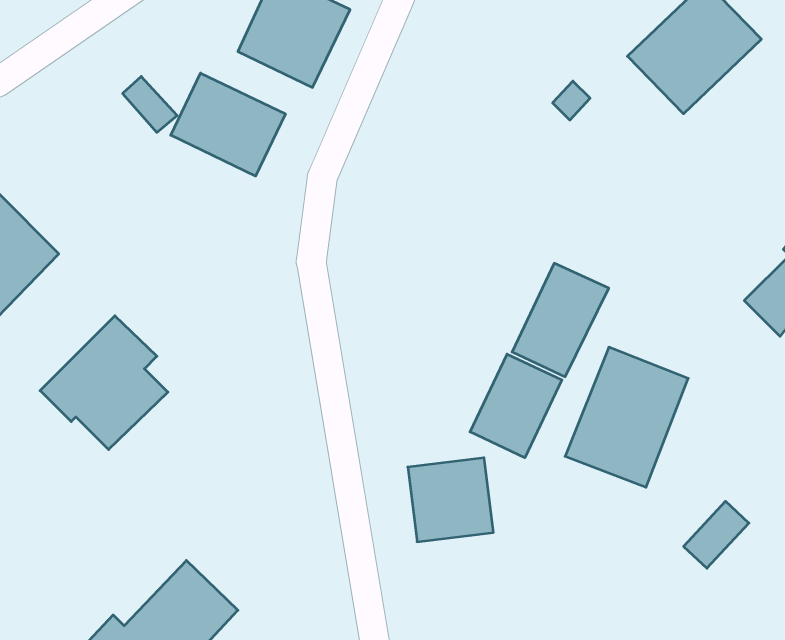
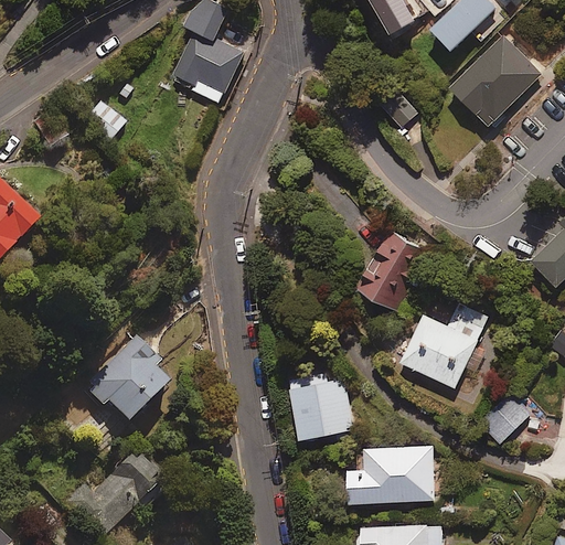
building: [171,73,285,176] -> none
building: [40,316,168,450] -> [82,340,172,435]
building: [470,354,562,458] -> none
building: none -> [347,442,433,494]

